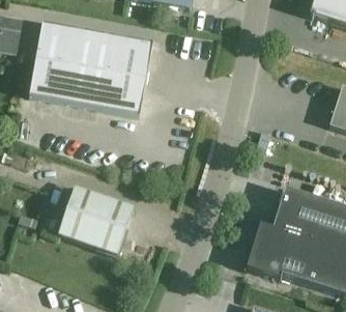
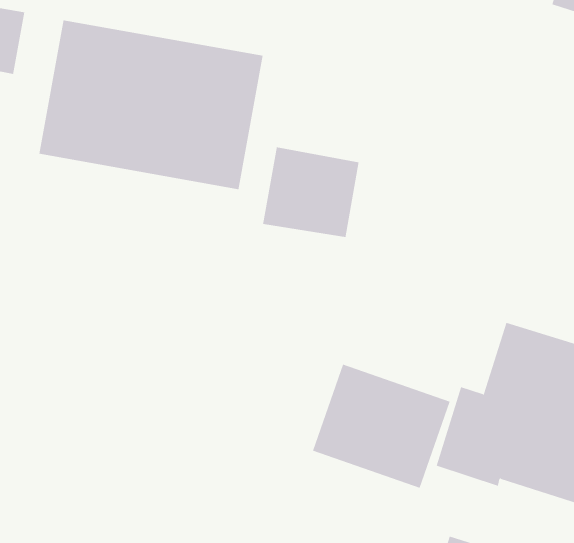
building: none -> [262,146,359,238]
building: [57,186,133,254] -> [312,364,450,489]

